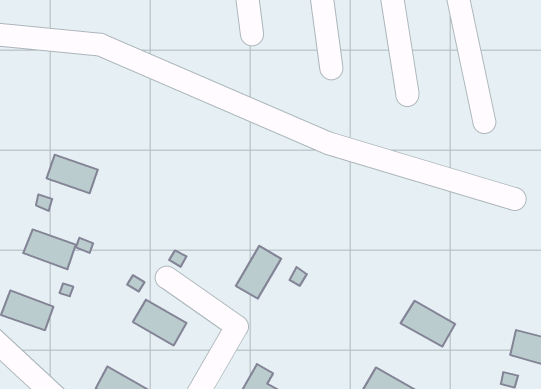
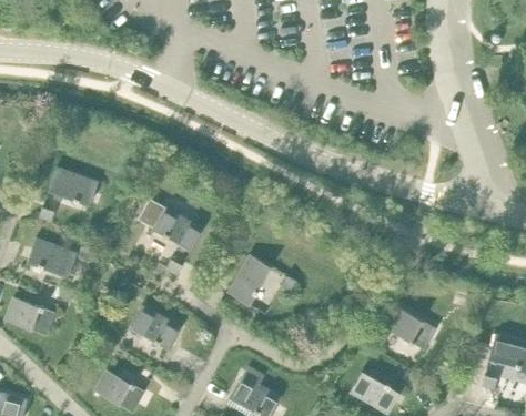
building: none -> [136,199,203,251]

